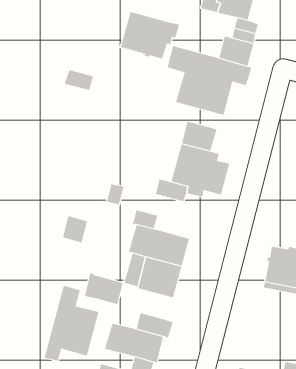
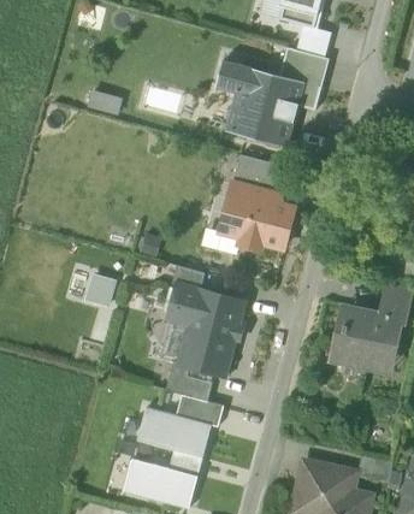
building: [120,11,180,59] -> none
building: [84,272,123,305] -> [166,360,215,401]
building: [44,285,99,361] -> none

